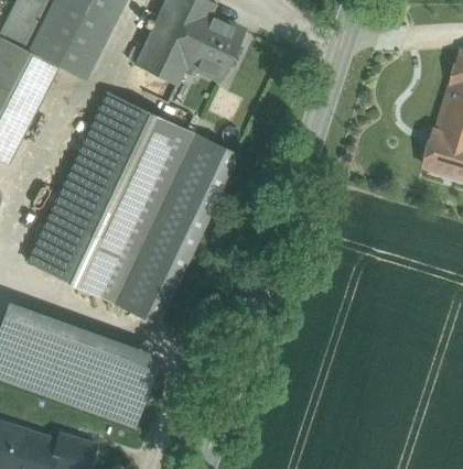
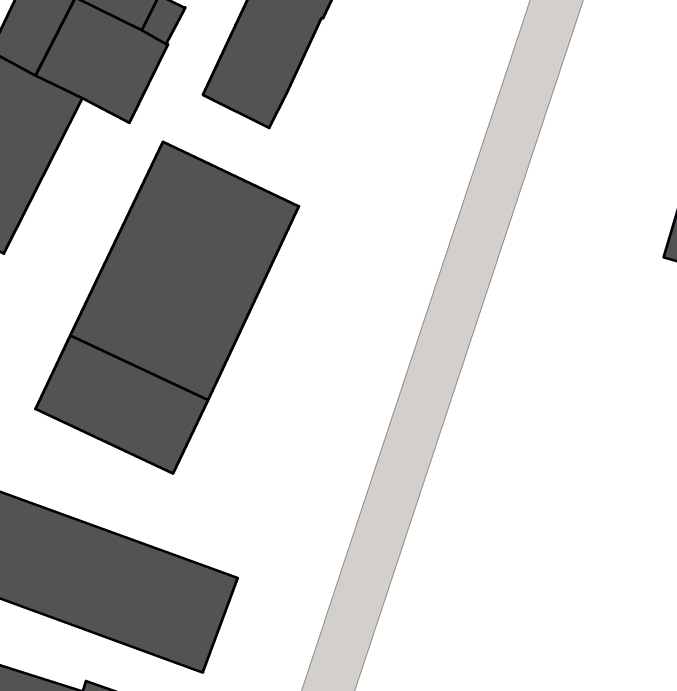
building: [186,14,241,77] -> none
building: [115,133,236,323] -> none

